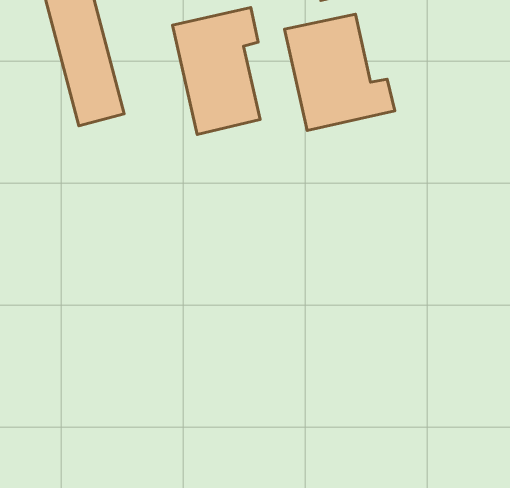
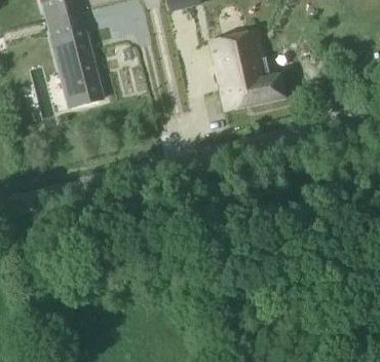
building: [173,8,260,134] -> none

